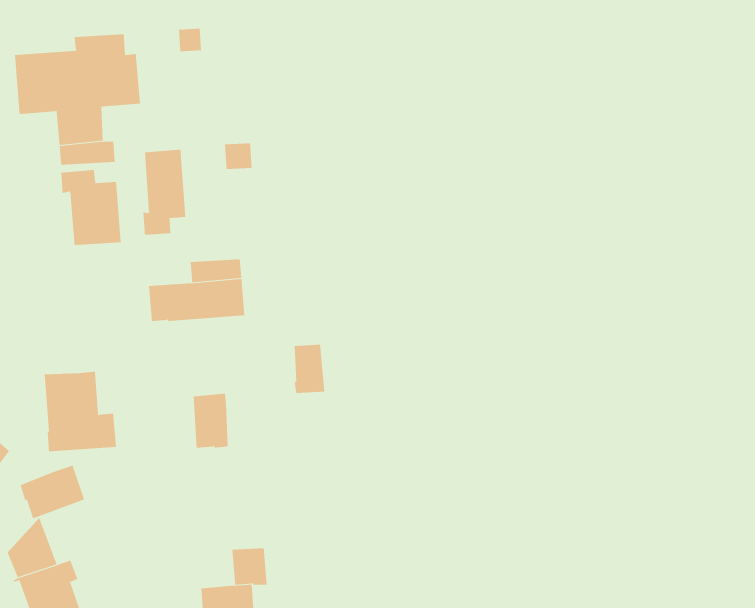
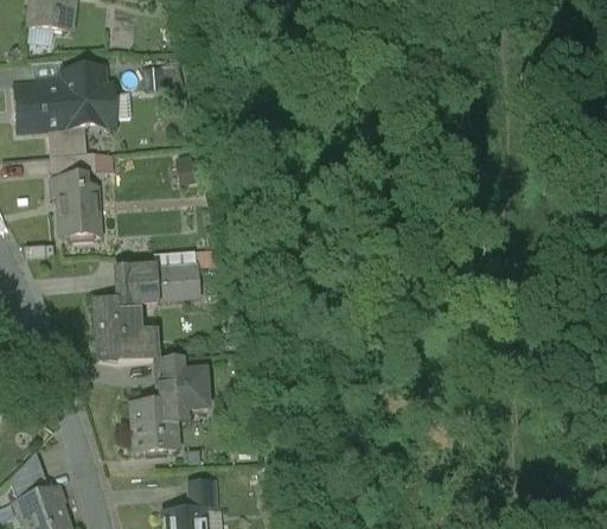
building: [143,149,186,235] -> none
building: [294,344,325,393] -> [185,367,210,406]
building: [44,371,117,452] -> [96,295,154,359]
building: none -> [133,396,178,448]
building: [20,465,85,519] -> none

